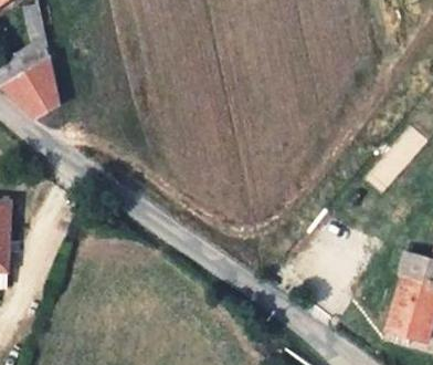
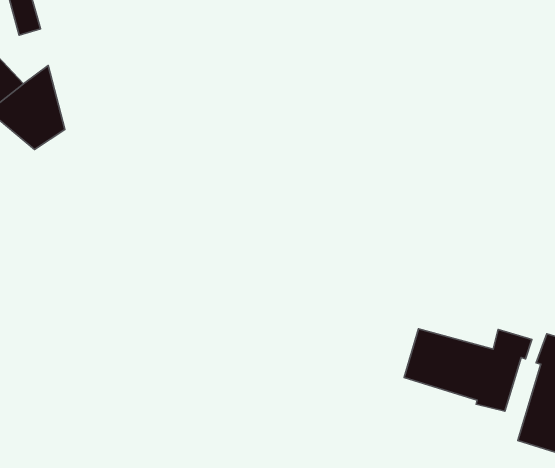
building: none -> [404,329,532,411]

